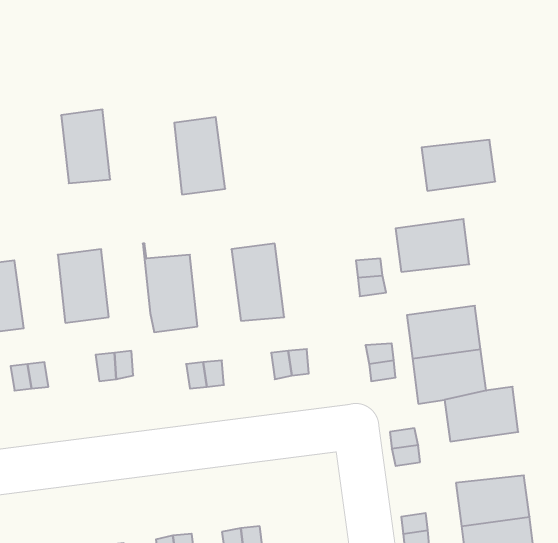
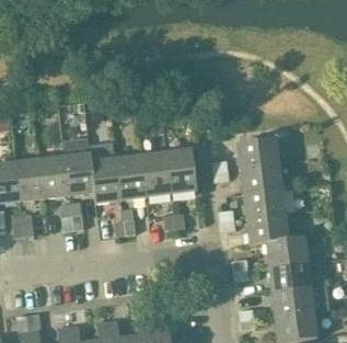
building: [61,110,110,183] -> [65,151,93,194]
building: [174,117,225,194] -> [116,155,146,199]
building: [422,140,495,191] -> [239,163,281,193]
building: none -> [165,148,197,194]
building: none -> [14,158,44,201]
building: none -> [267,261,310,290]

